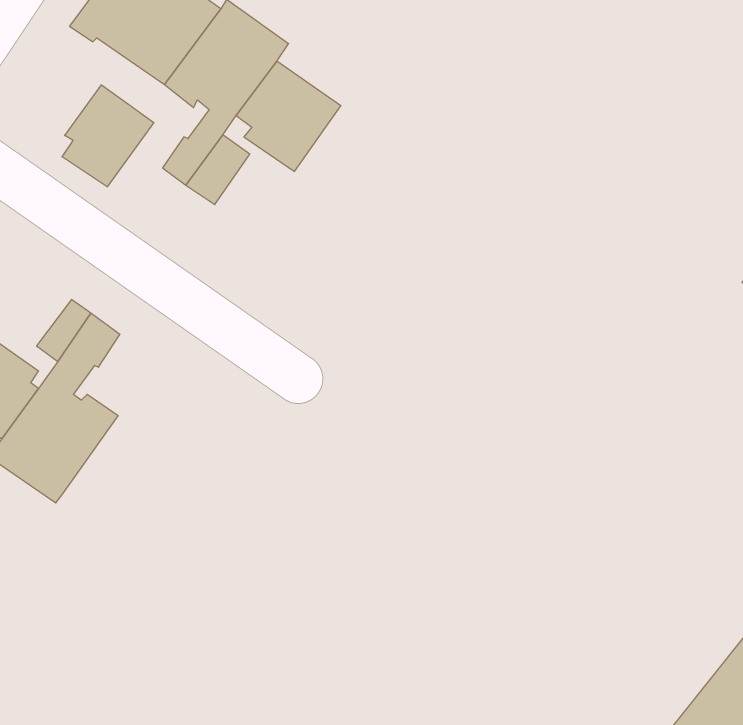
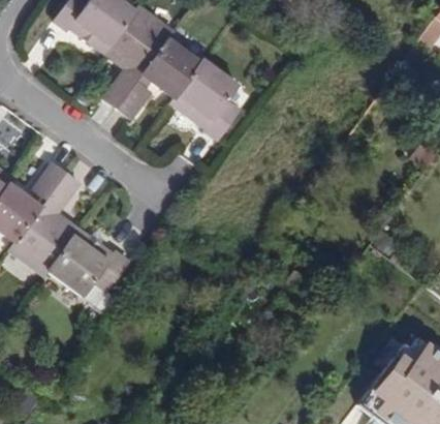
building: [62,85,154,187] -> none
building: none -> [174,60,242,141]
building: none -> [53,228,132,295]

